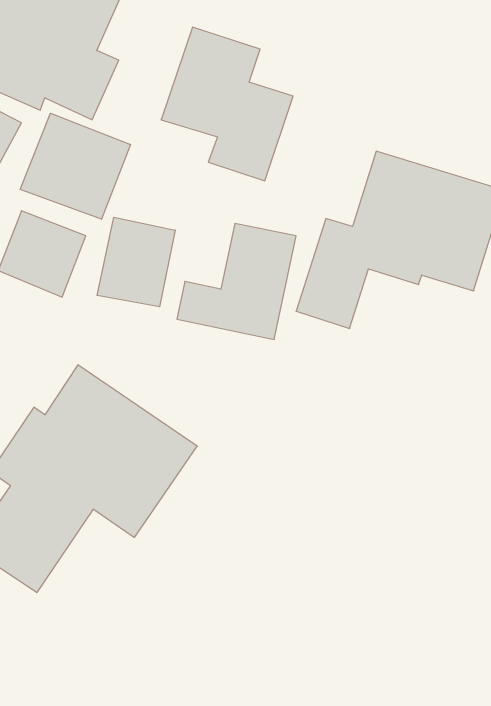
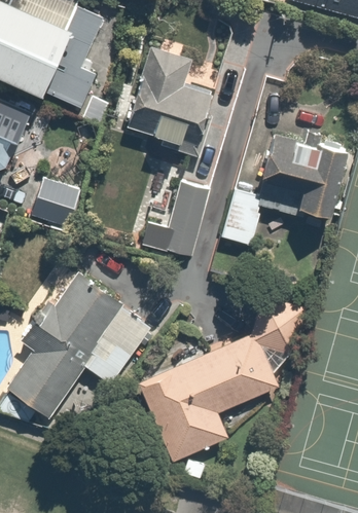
building: [20,113,130,219] -> none
building: [97,217,175,307] -> none
building: none -> [137,306,298,461]

